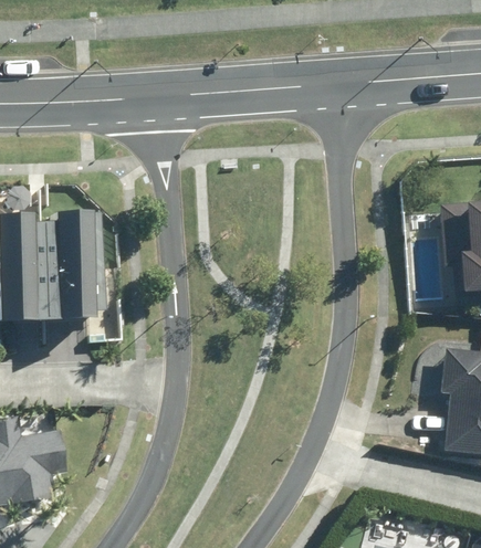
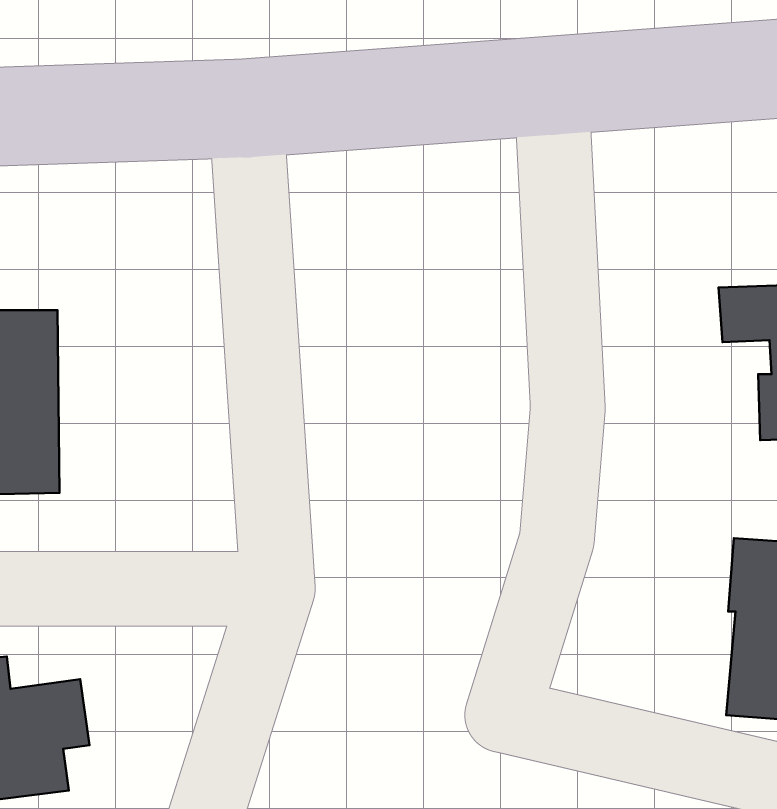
building: [54,212,96,317] -> none

